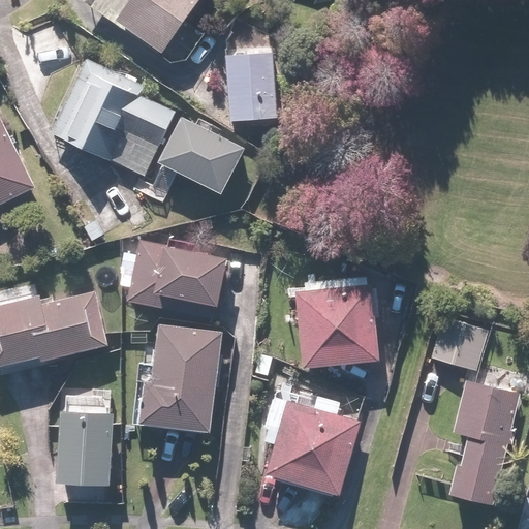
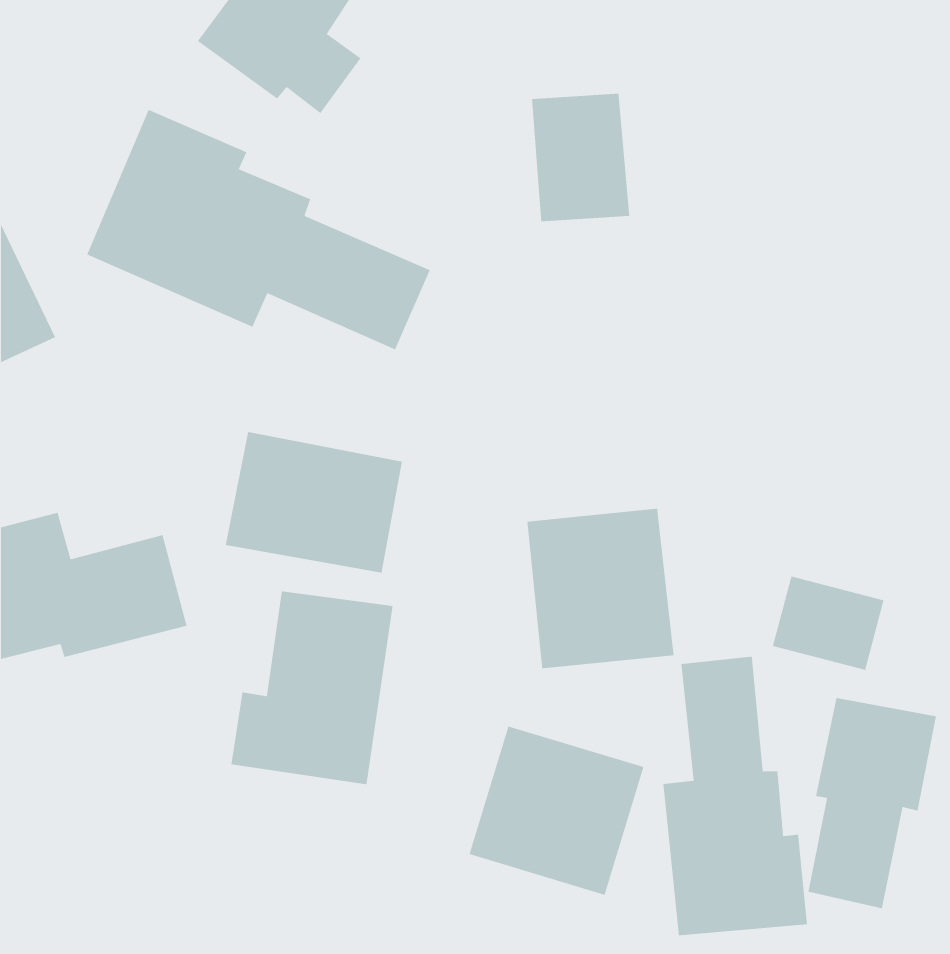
building: [224,52,279,123] -> [531,93,630,222]
building: none -> [663,656,808,936]
building: [57,392,114,486] -> none

